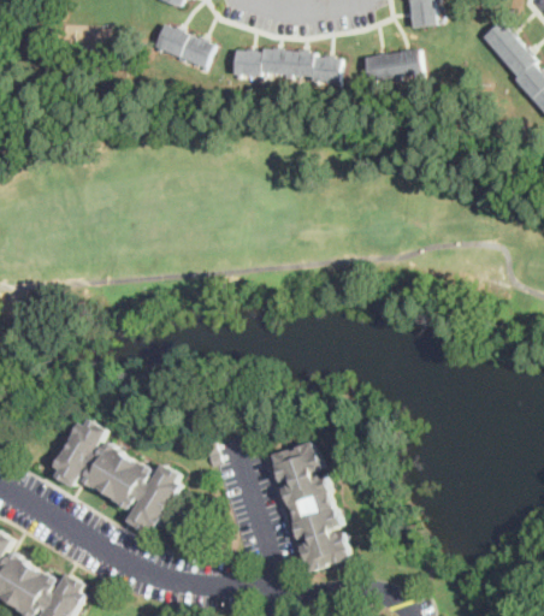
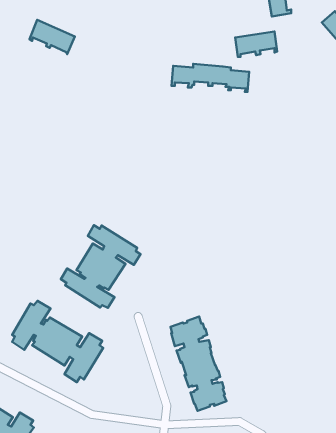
building: [149,23,212,70] -> [29,20,75,54]
building: [230,48,337,87] -> [171,64,249,92]
building: none -> [61,225,141,308]

